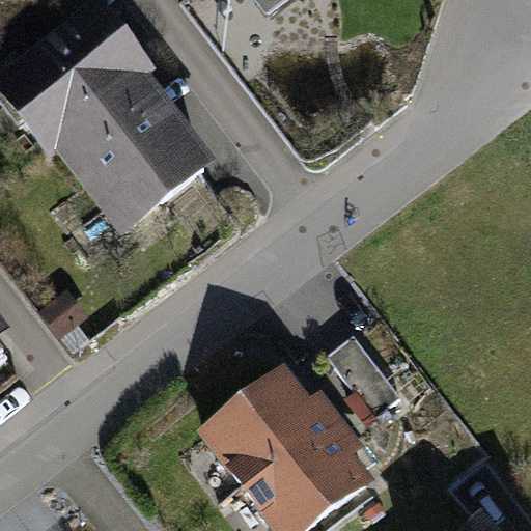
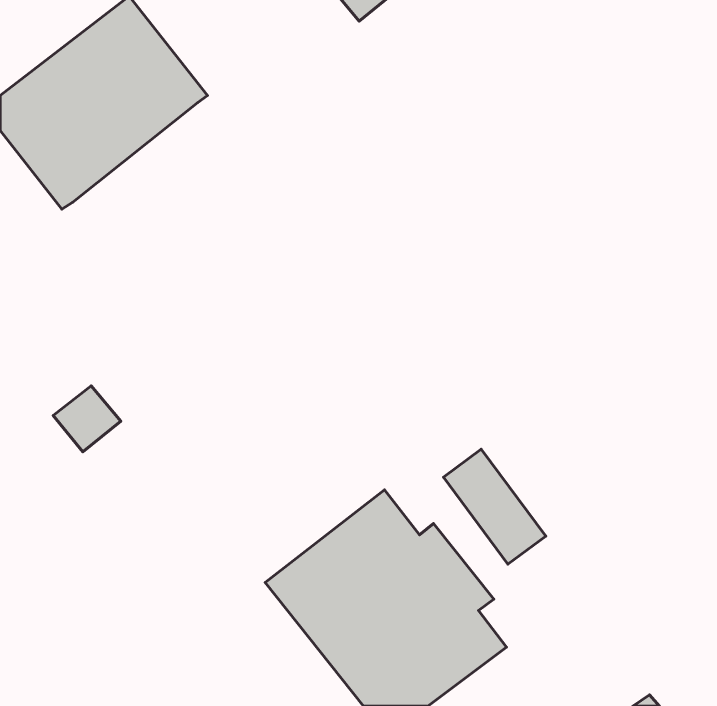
building: [54,76,215,235] -> none

